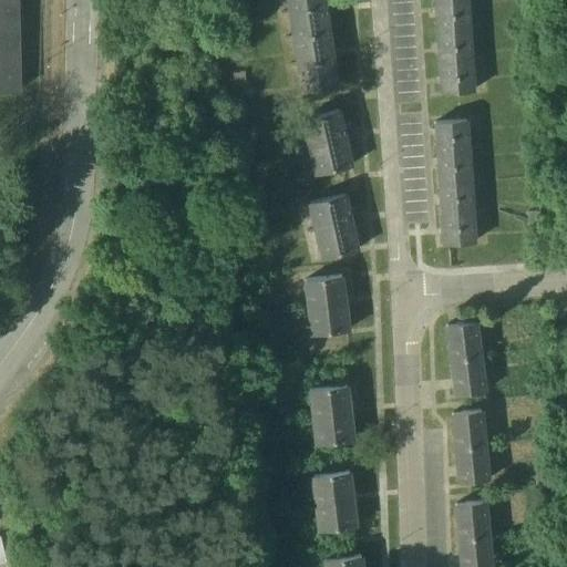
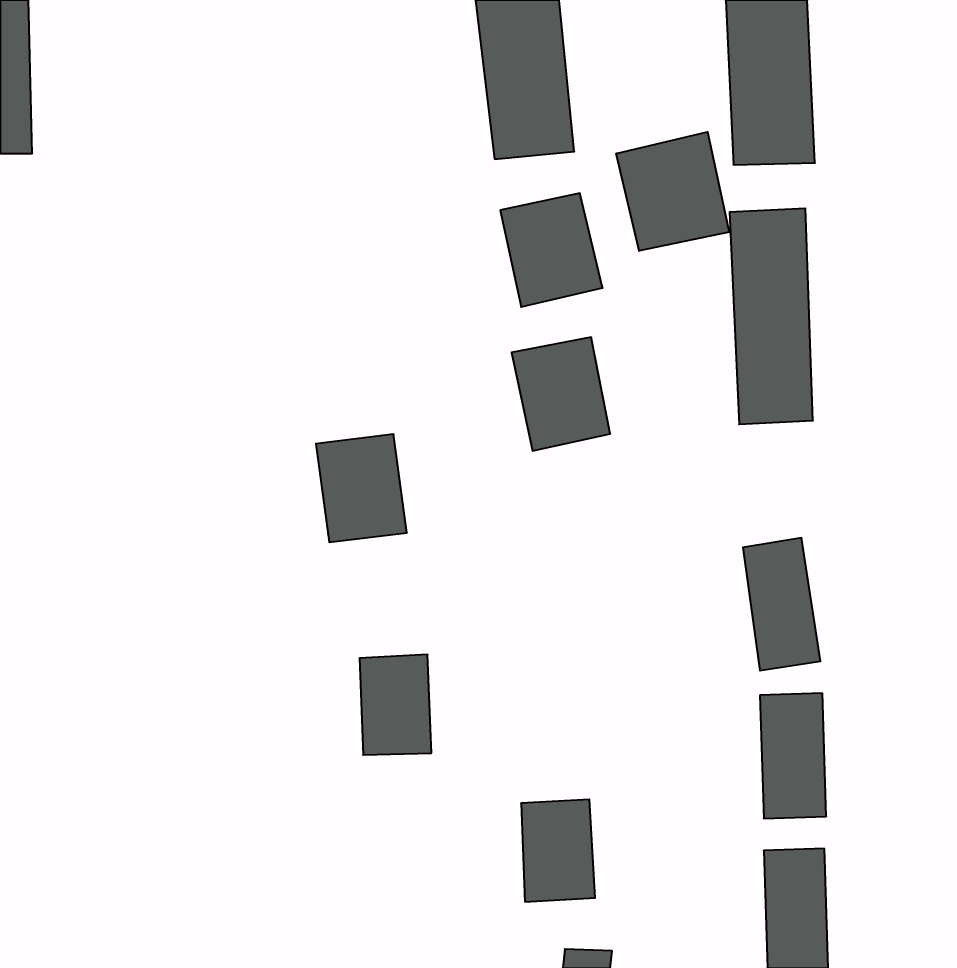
building: none -> [616,132,729,251]
building: [303,278,357,341] -> [316,434,407,542]
building: [308,381,350,440] -> [359,655,431,755]

